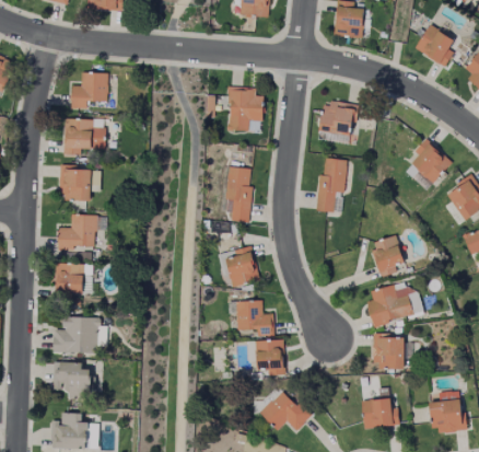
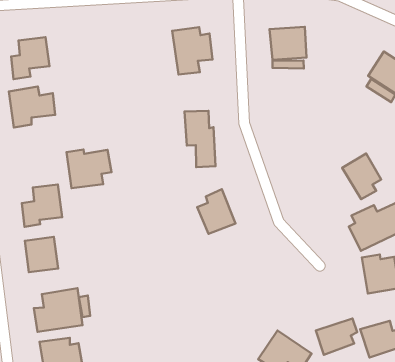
building: [317,159,347,212] -> none
building: [60,165,101,201] -> [67,149,111,188]
building: [236,301,273,336] -> none
building: [255,340,285,375] -> none
building: none -> [316,319,357,355]

